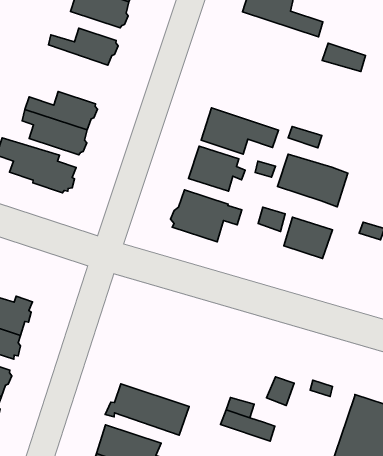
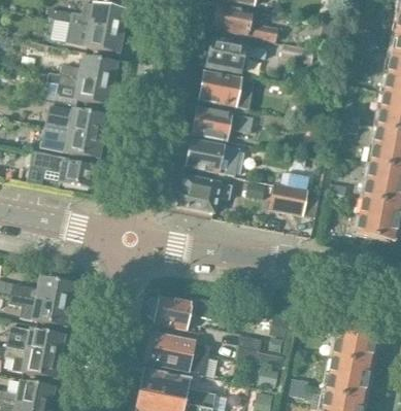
building: none -> [205,38,266,73]
building: none -> [48,72,111,105]
building: [278,154,348,207] -> [199,72,254,109]
building: none -> [154,296,215,329]

